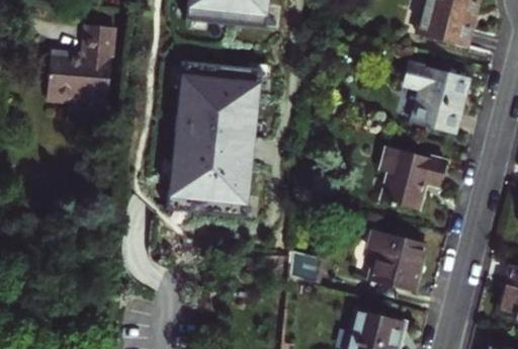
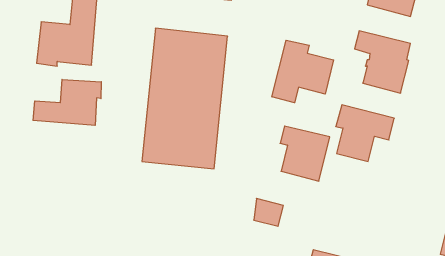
building: none -> [272,40,334,103]
building: none -> [33,79,101,125]
building: [370,230,426,291] -> [280,126,330,181]

